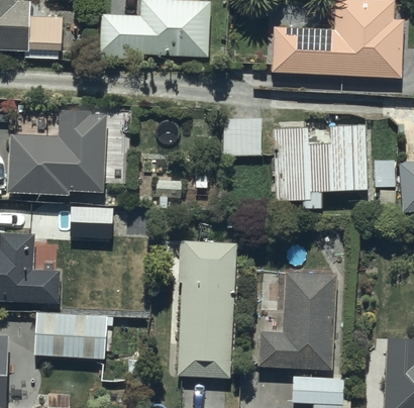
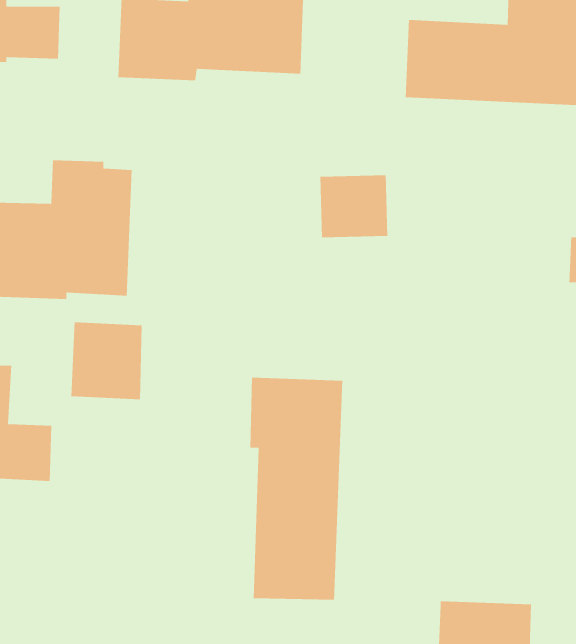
building: [272,123,368,210] -> none
building: [255,271,334,367] -> none
building: [35,310,109,358] -> none

